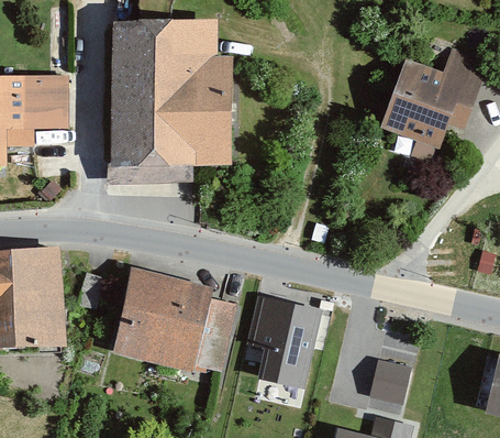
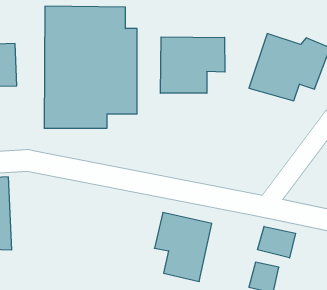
building: none -> [160,37,225,93]
building: [105,273,232,372] -> none
building: none -> [258,226,295,258]

